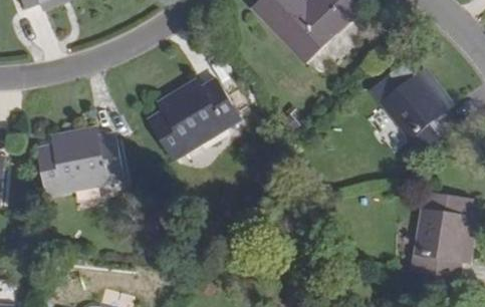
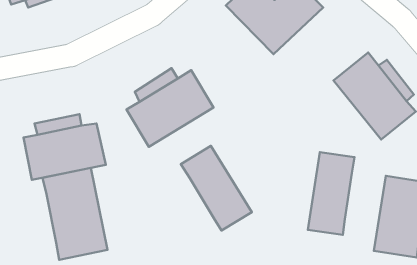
building: none -> [181,146,252,231]
building: none -> [308,152,355,235]
building: none -> [43,168,107,260]

